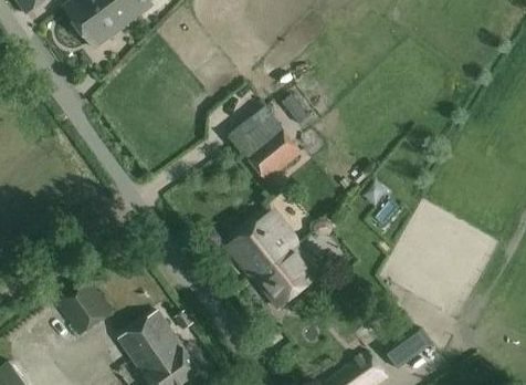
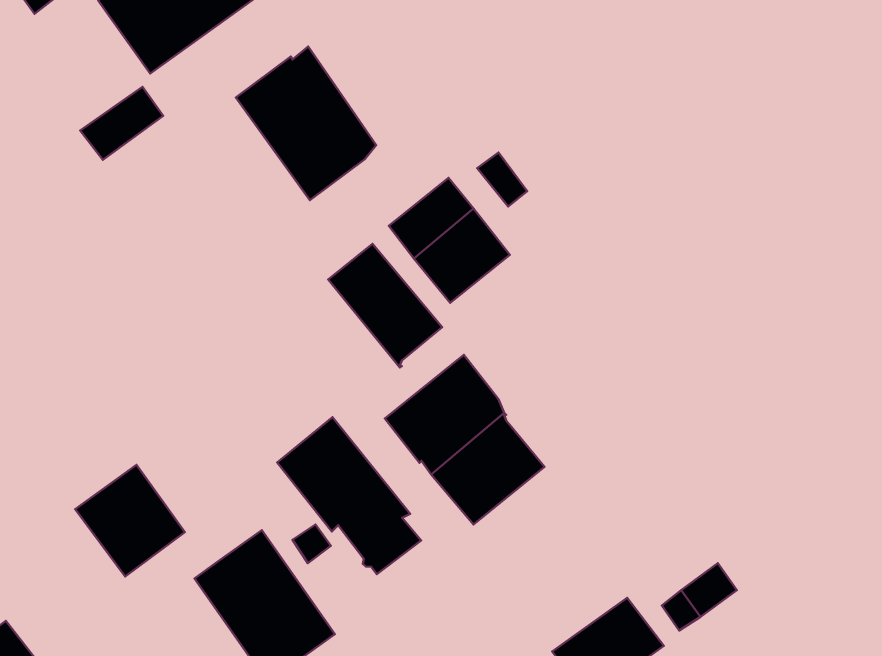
building: none -> [236,47,376,200]
building: none -> [80,87,163,160]
building: none -> [328,244,442,368]
building: none -> [277,417,421,574]

